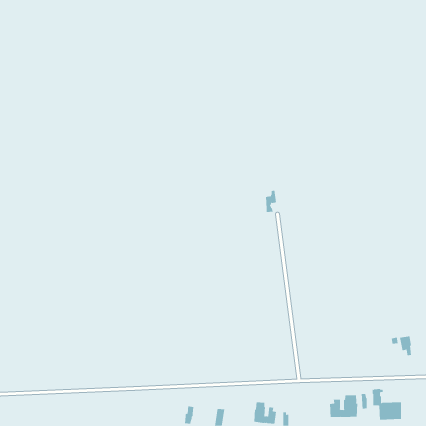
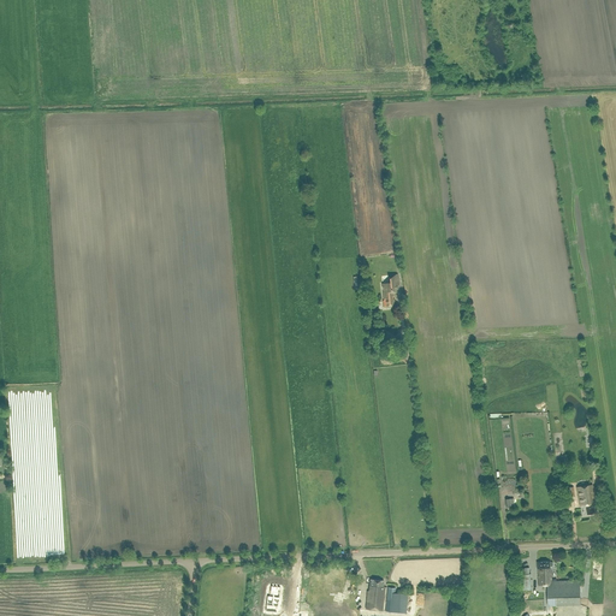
building: [330,394,358,418] -> none

